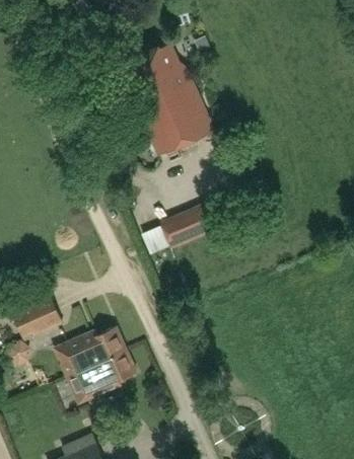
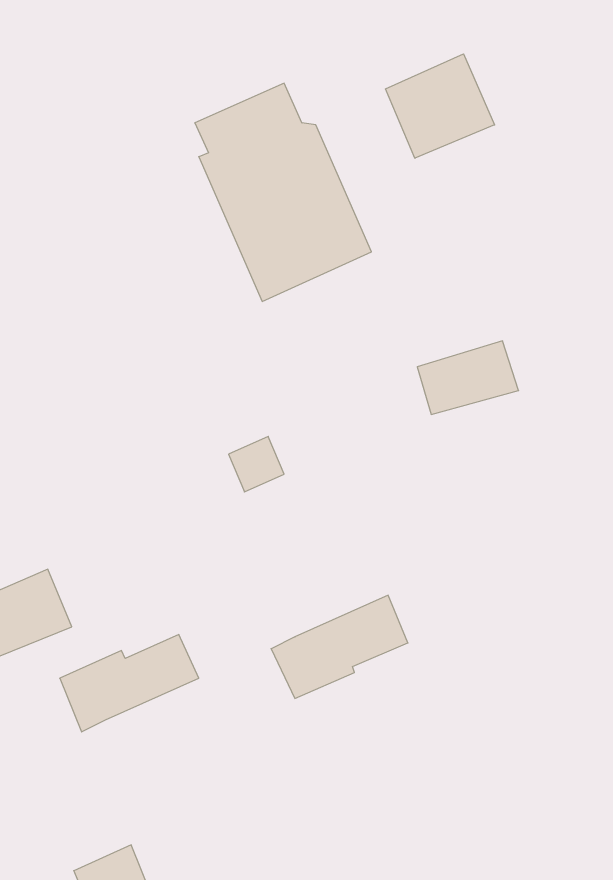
building: none -> [385,54,495,158]
building: [165,206,217,243] -> [417,341,519,414]
building: [67,349,137,401] -> [271,595,408,698]

